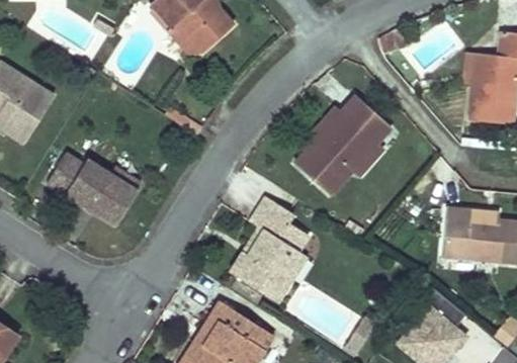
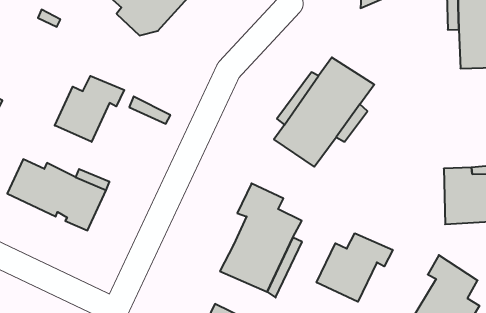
building: none -> [55,76,124,142]
building: none -> [317,233,393,302]

